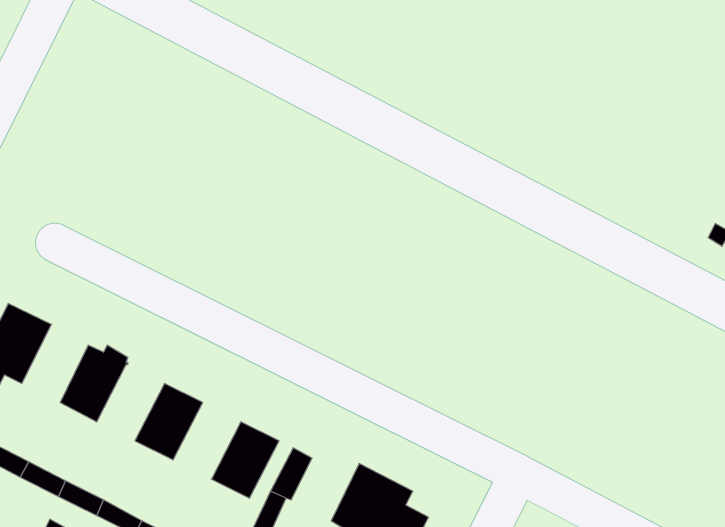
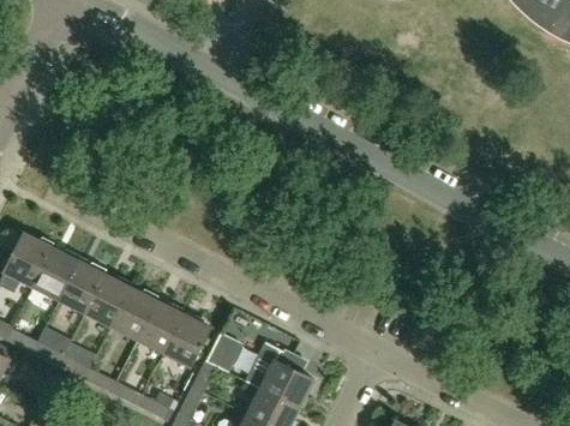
building: none -> [32,246,78,300]
building: none -> [84,274,131,326]
building: none -> [137,300,184,353]

